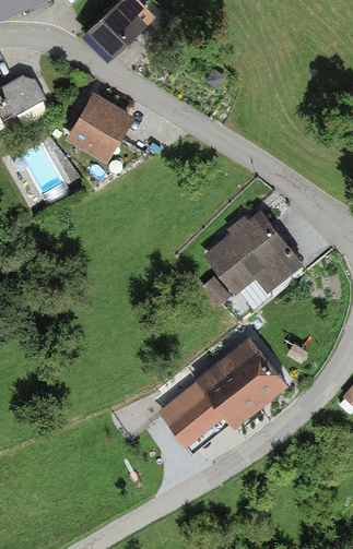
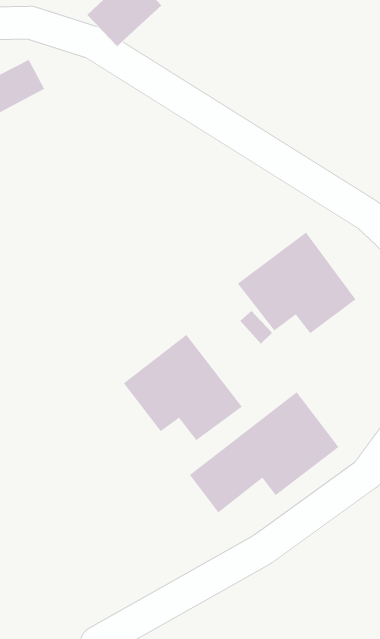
building: [70,95,133,160] -> none
building: none -> [123,334,243,441]

